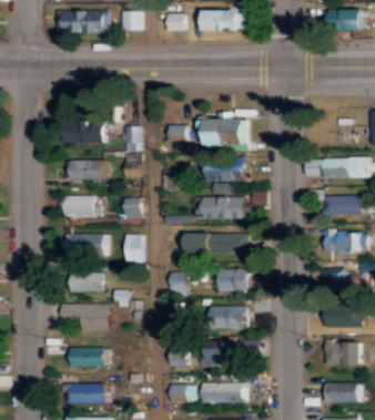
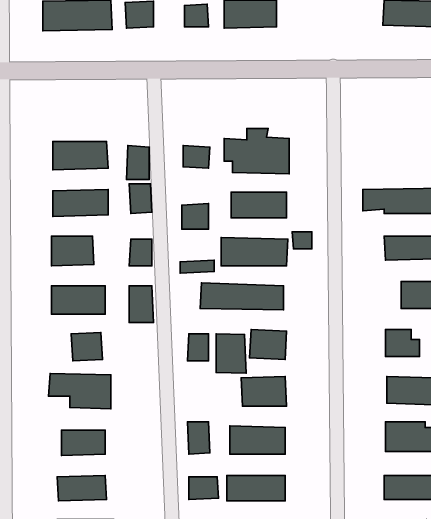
building: none -> [216,334,246,373]

